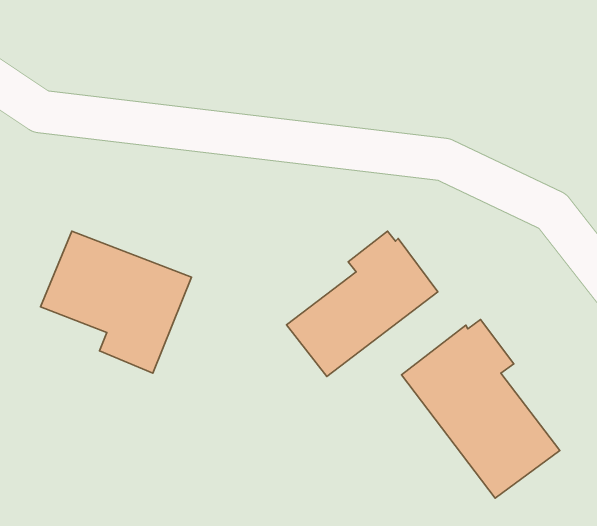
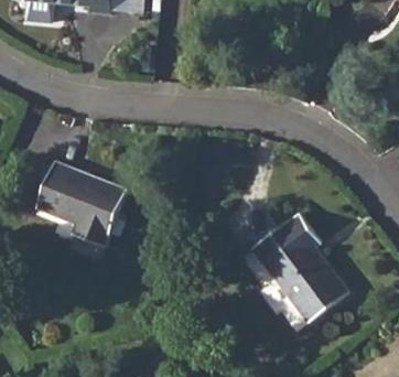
building: [287,231,438,376] -> none

